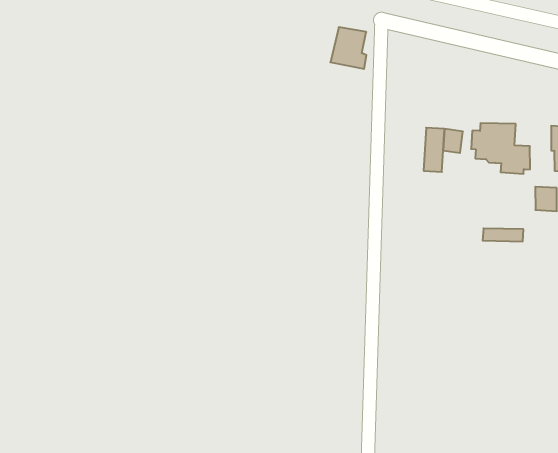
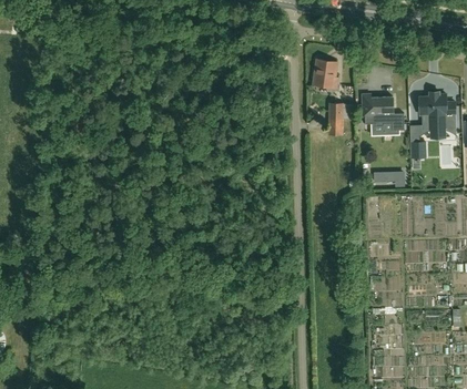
building: [330,27,366,69] -> [313,59,338,88]

